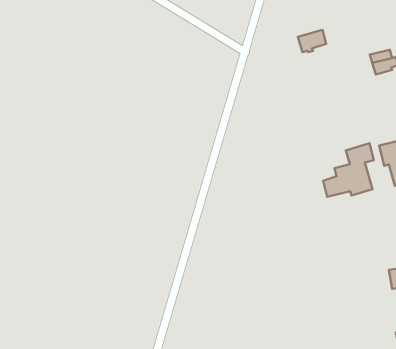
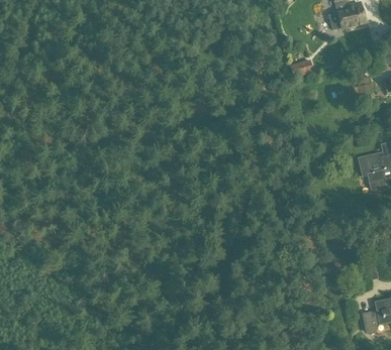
building: [323,143,374,197] -> none

